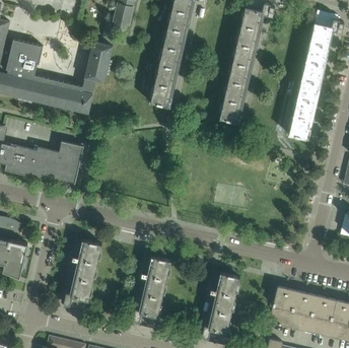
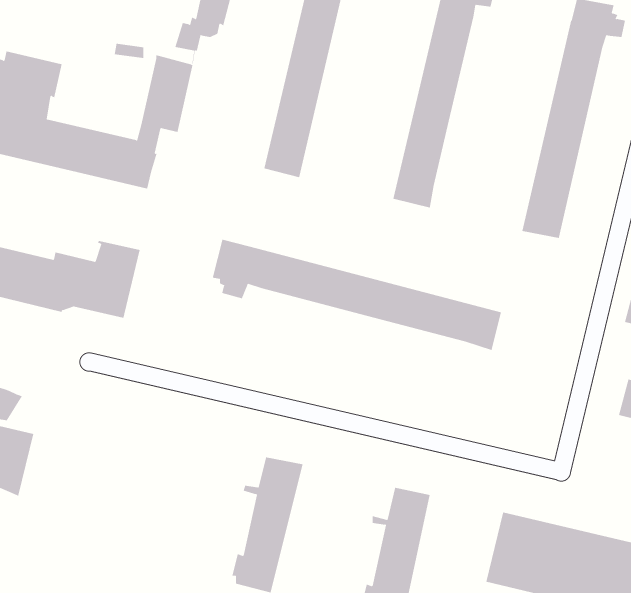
building: none -> [212,239,502,351]
building: [64,239,102,312] -> none

